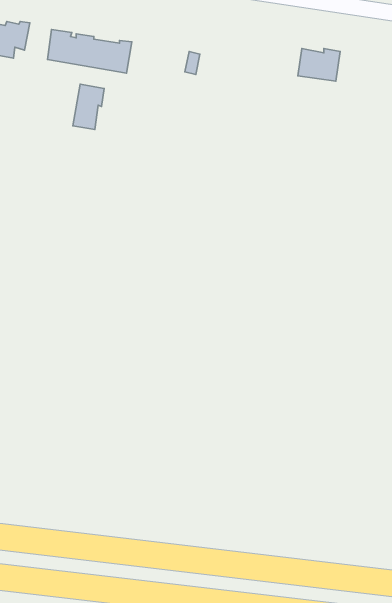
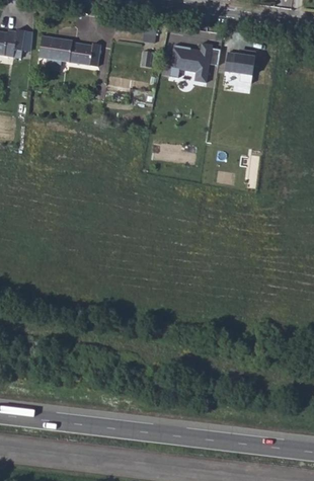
building: none -> [166,43,220,81]
building: [73,84,104,129] -> none

